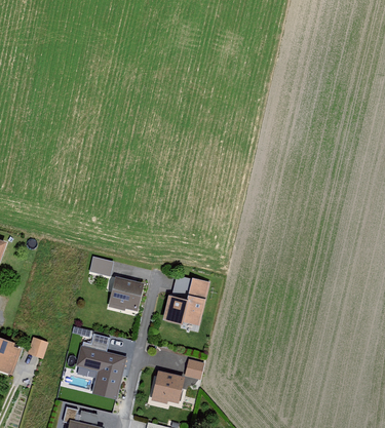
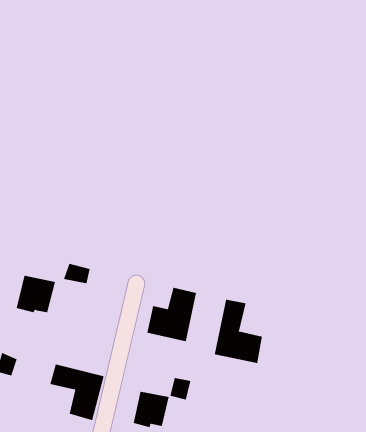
building: [108,277,144,311] -> [16,275,56,313]
building: none -> [214,299,263,364]

